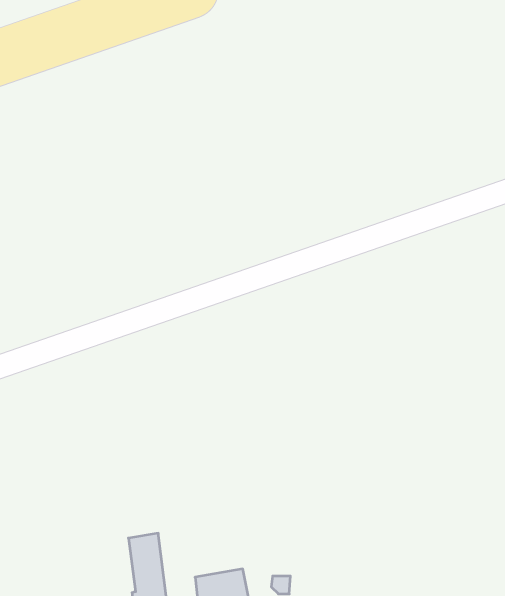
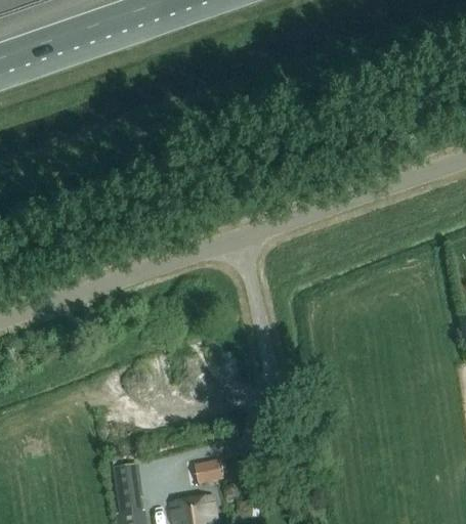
building: none -> [194,460,223,484]

